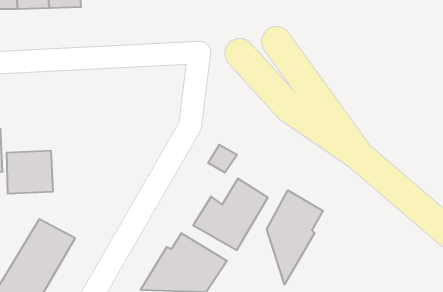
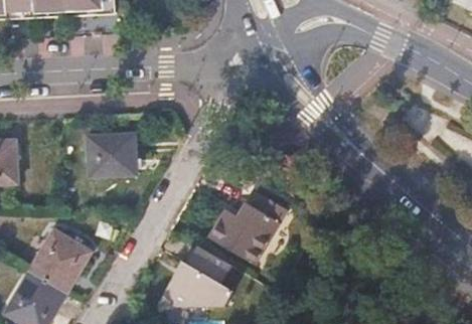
building: [6,151,53,193] -> [90,133,137,176]
building: [267,190,323,285] -> none

